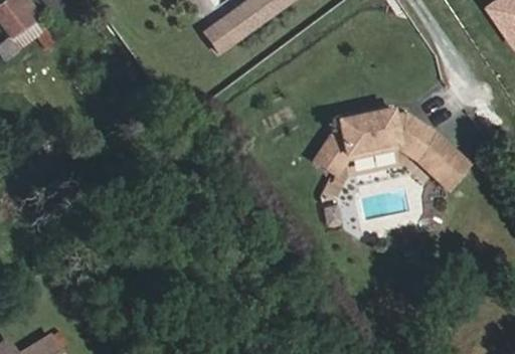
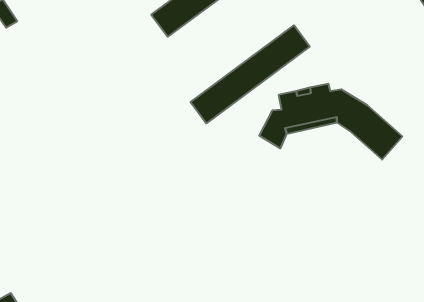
building: none -> [191,25,310,123]

